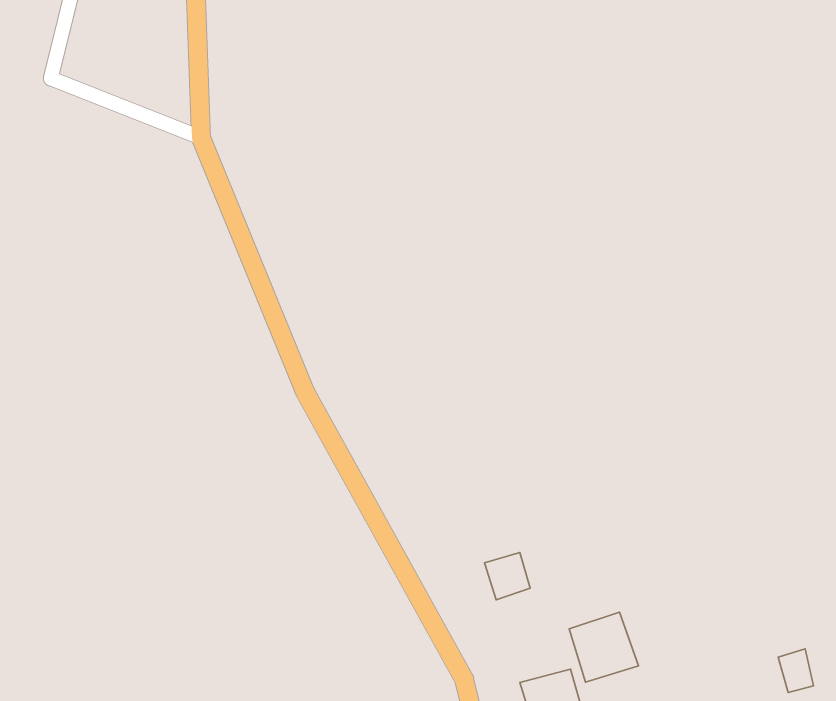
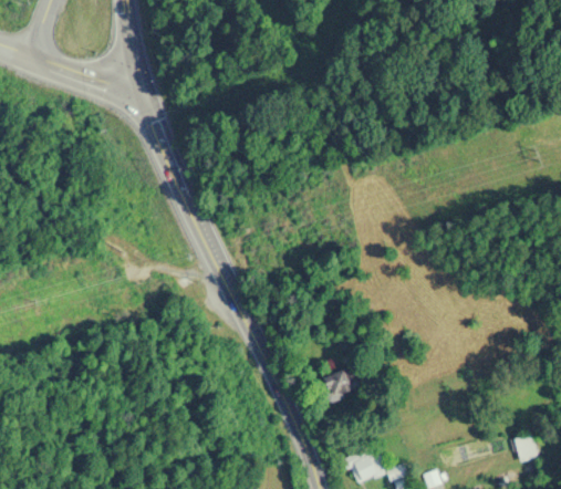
building: [569,612,638,682] -> none

